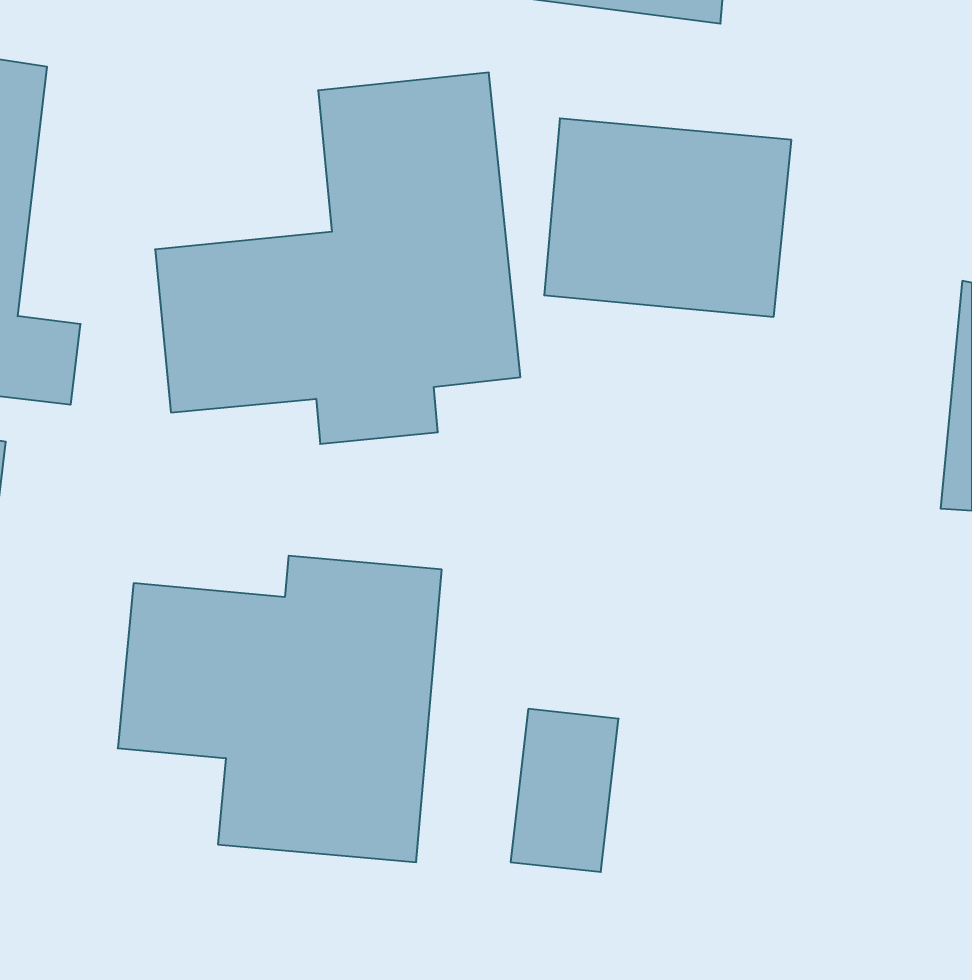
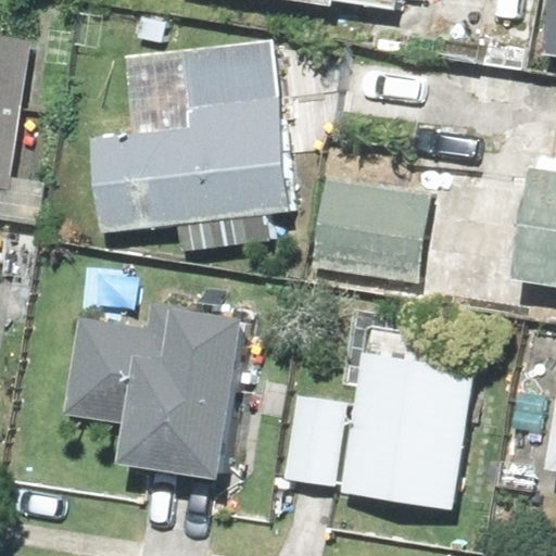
building: [544,118,791,317] -> [309,174,446,283]
building: none -> [340,349,471,509]

